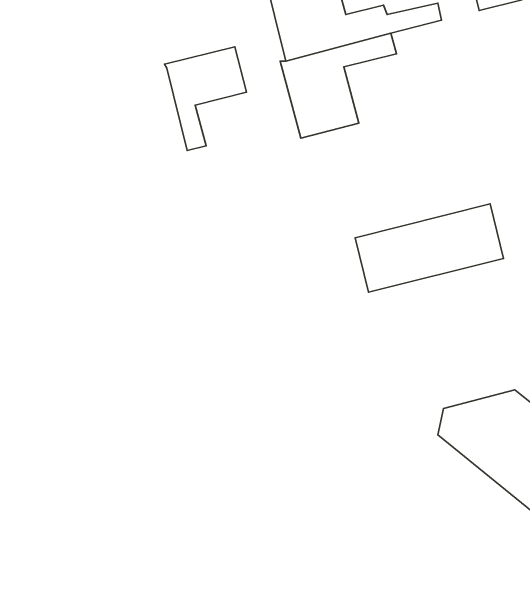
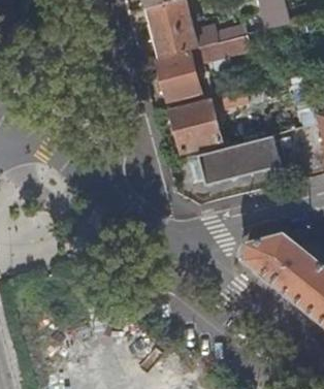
building: [165,47,247,150] -> none
building: none -> [169,97,220,151]

